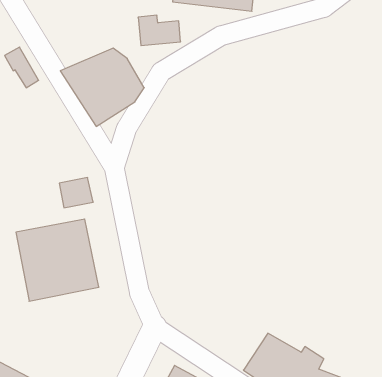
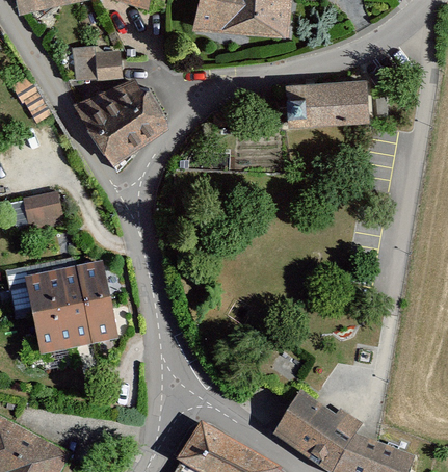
building: [138,15,181,46] -> [73,46,120,79]
building: none -> [283,77,369,128]
building: [59,178,93,208] -> [23,194,60,228]

